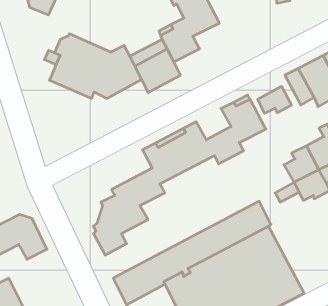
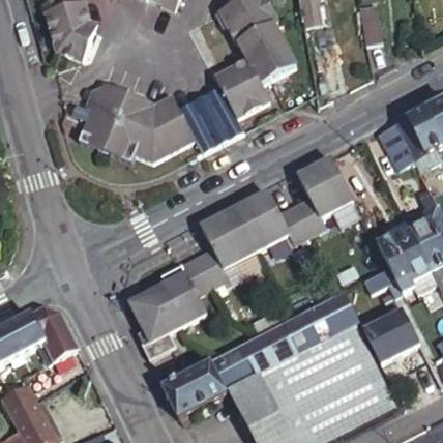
building: [258,86,291,113] -> none
building: none -> [363,308,419,361]

